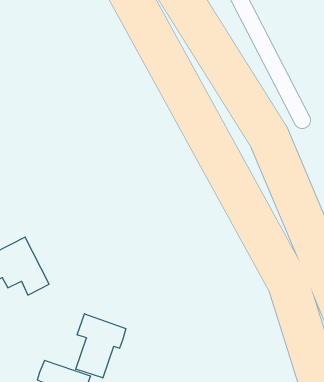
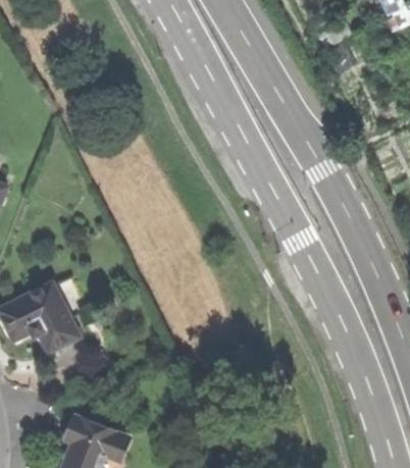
building: [76,314,126,378] -> none

